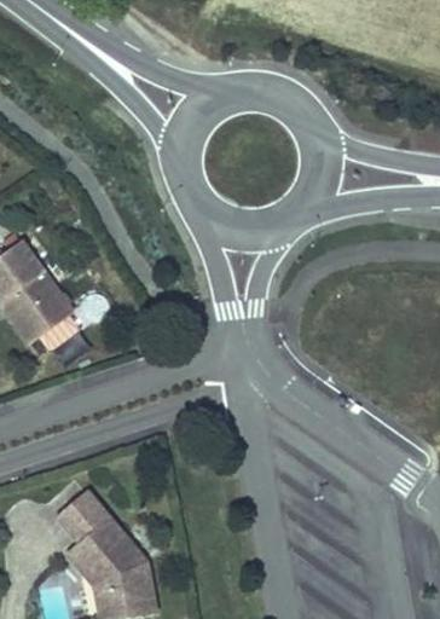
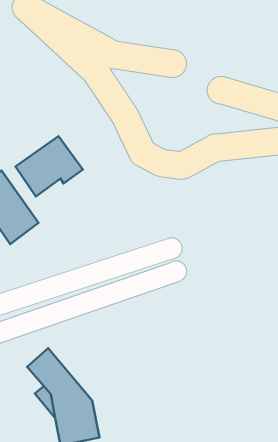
building: none -> [16,136,83,196]

